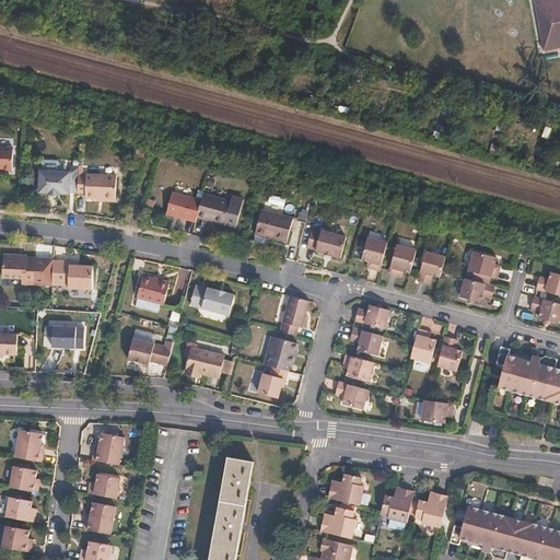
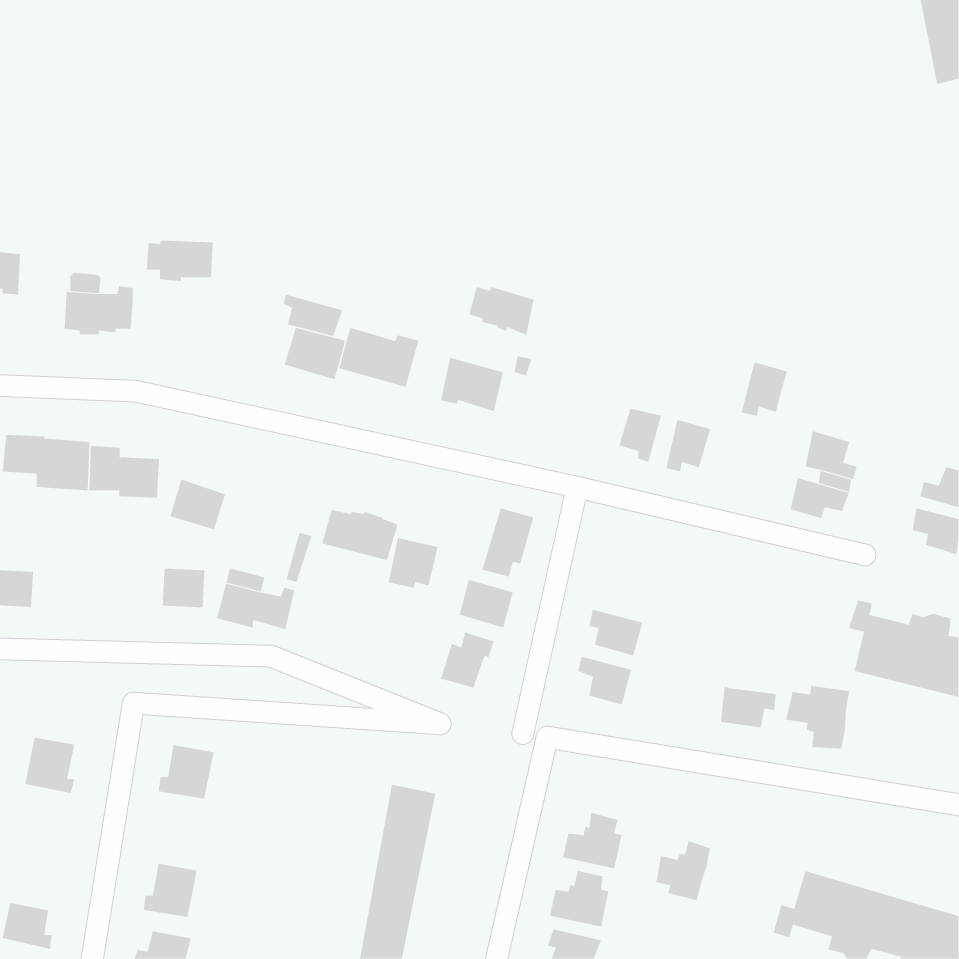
building: none -> [283,294,343,337]
building: [77,174,116,198] -> [146,240,214,281]
building: [307,229,346,257] -> [469,286,534,335]
building: [416,250,443,282] -> [741,362,788,416]
building: [137,273,170,303] -> [169,479,226,530]
building: [354,303,390,328] -> none
building: [51,326,77,349] -> [162,568,205,608]
building: [350,327,383,357] -> none
building: [409,328,435,362] -> none
building: [434,336,459,371] -> none
building: [184,347,213,376] -> [388,537,439,588]
building: none -> [785,685,850,750]
building: [10,466,39,492] -> none
building: [88,475,120,499] -> none
building: [415,494,446,528] -> none
building: [5,497,35,522] -> none

